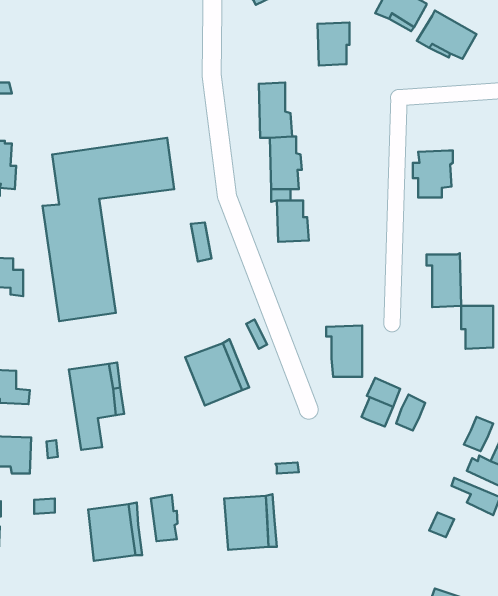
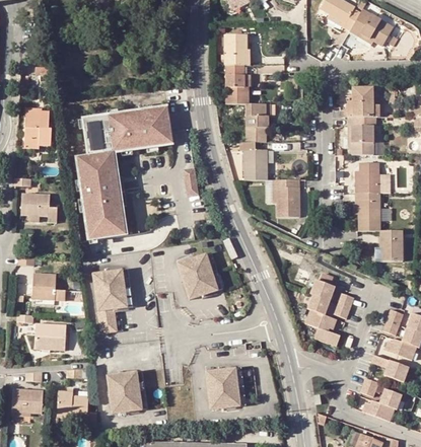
building: [318,22,349,65] -> [231,34,255,66]
building: none -> [349,85,371,116]
building: none -> [354,160,377,191]
building: [326,325,362,377] -> [278,178,304,216]
building: none -> [306,311,340,348]
building: [151,495,178,541] -> none
building: none -> [362,389,403,420]
building: none -> [57,390,89,420]

